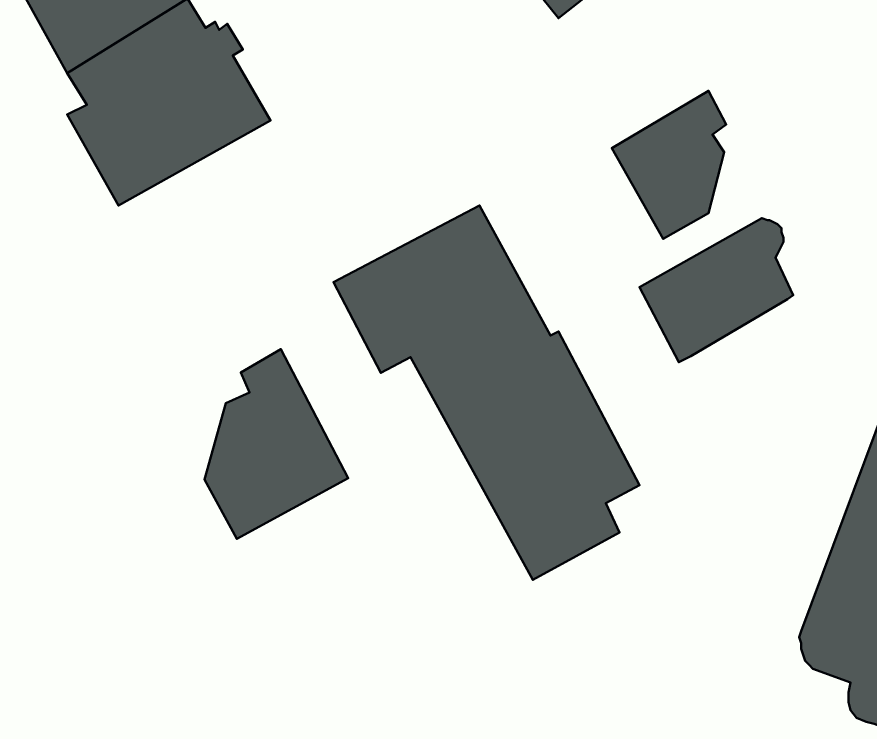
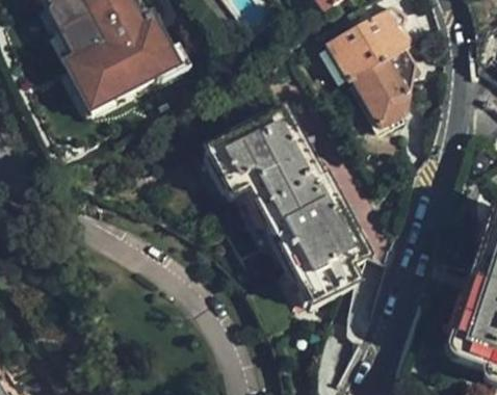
building: [639,218,793,362] -> [324,9,406,85]
building: [205,349,348,539] -> none

